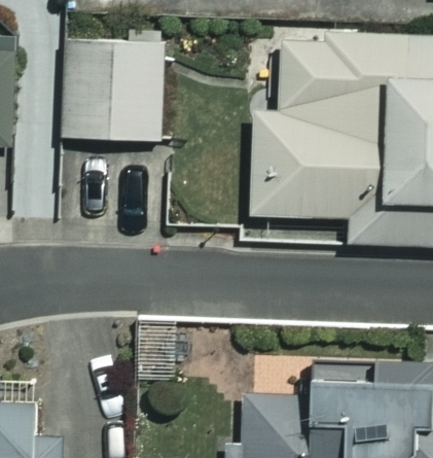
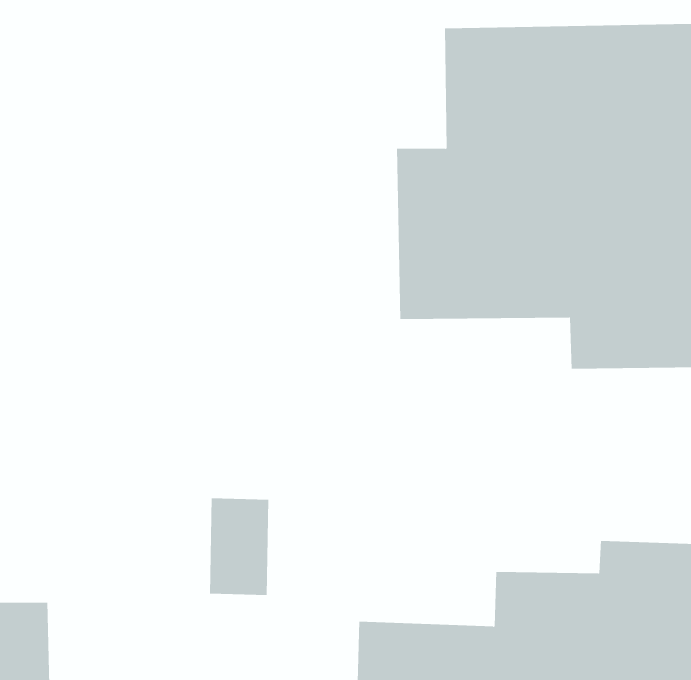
building: [65,41,159,141] -> none

